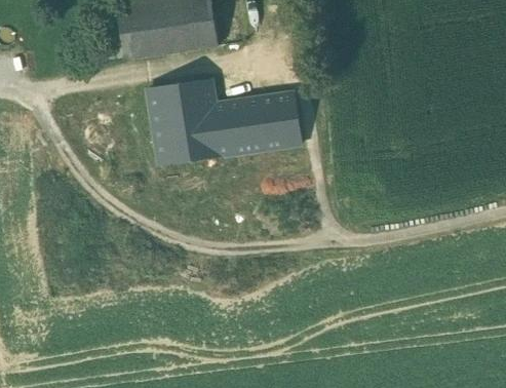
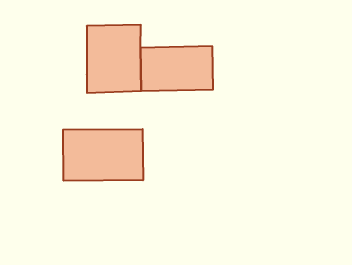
building: none -> [63,129,143,181]

